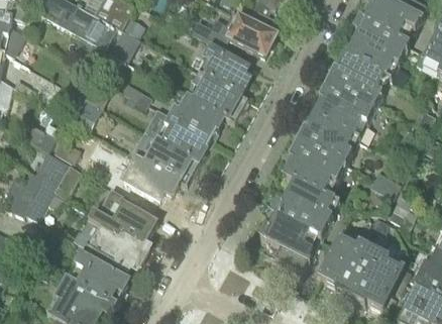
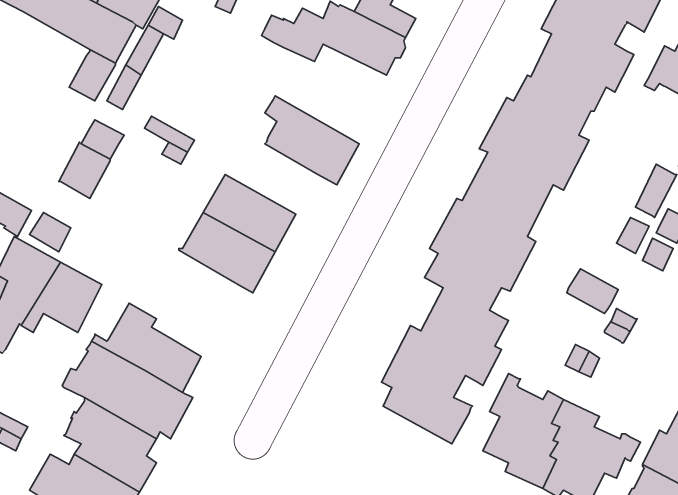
building: [198,42,248,90] -> none
building: [169,91,223,135] -> none
building: [119,156,178,198] -> none

